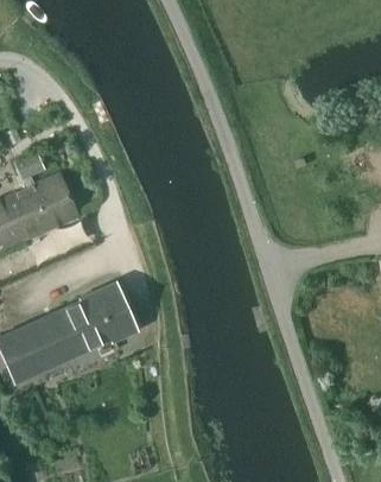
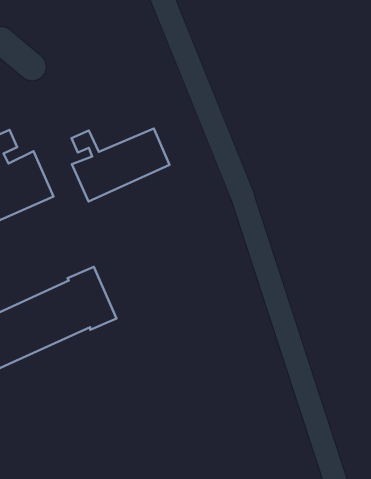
building: none -> [71,129,170,201]

